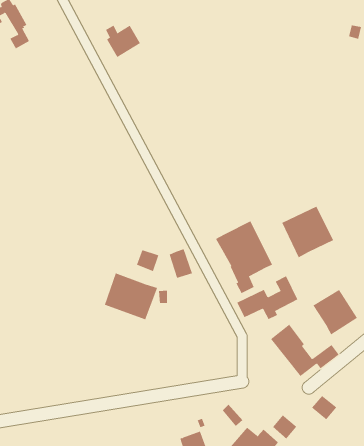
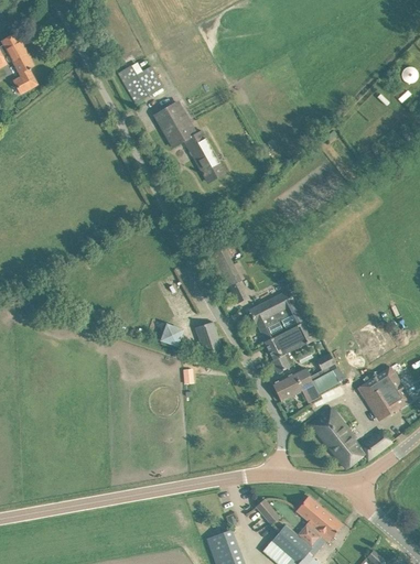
building: none -> [155,104,225,183]
building: none -> [208,243,243,288]
building: [281,206,334,258] -> none
building: [104,273,158,320] -> none
building: [311,395,337,420] -> [295,497,325,525]

